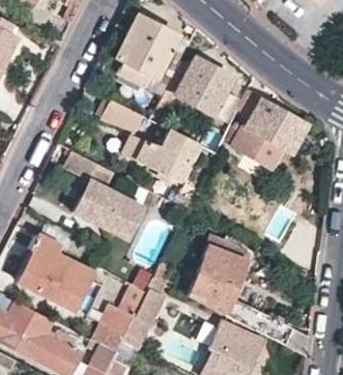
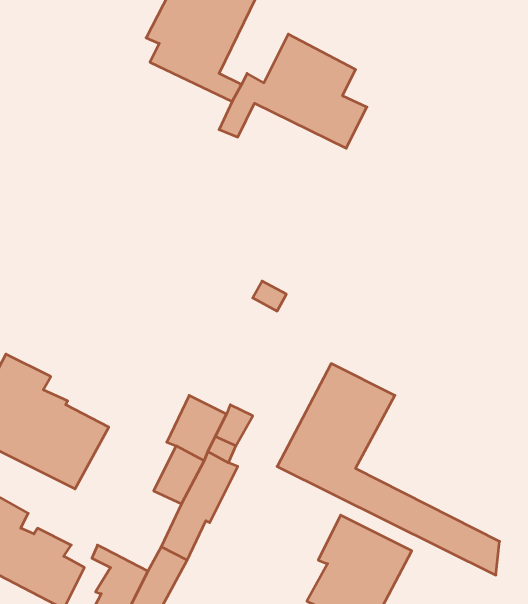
building: [226,94,298,169] -> none
building: [99,102,200,182] -> none
building: [64,151,143,239] -> none
building: [92,306,135,354] -> none

